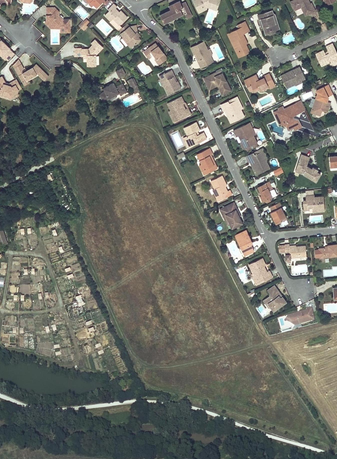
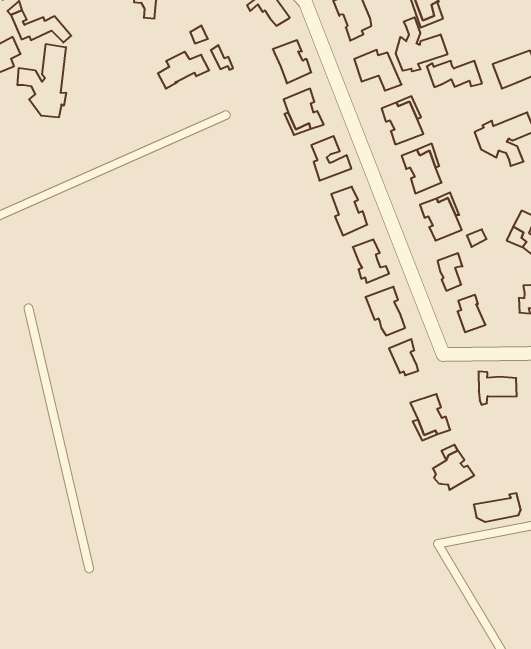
building: none -> [396,17,447,71]
building: none -> [18,44,66,117]

